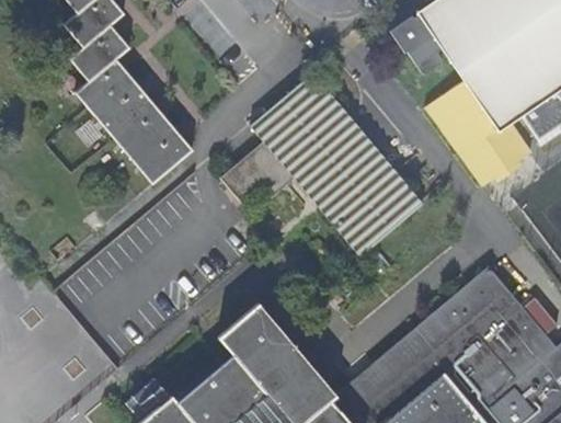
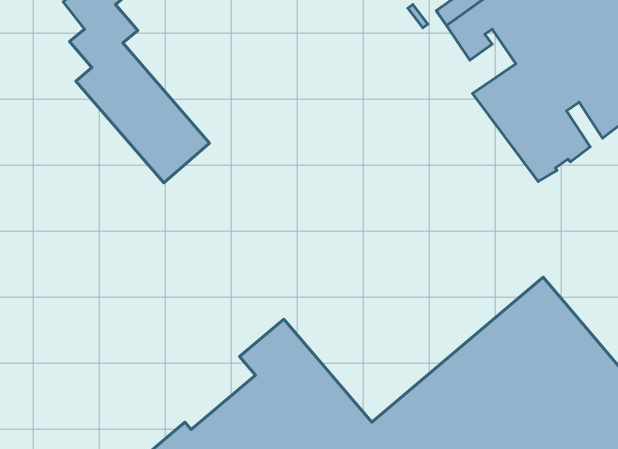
building: [224,75,423,256] -> none

